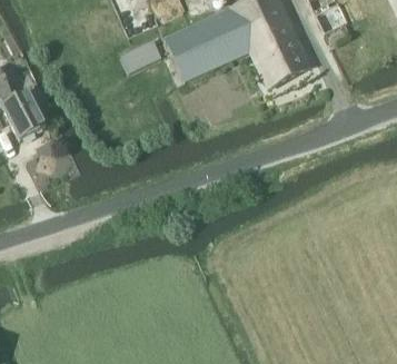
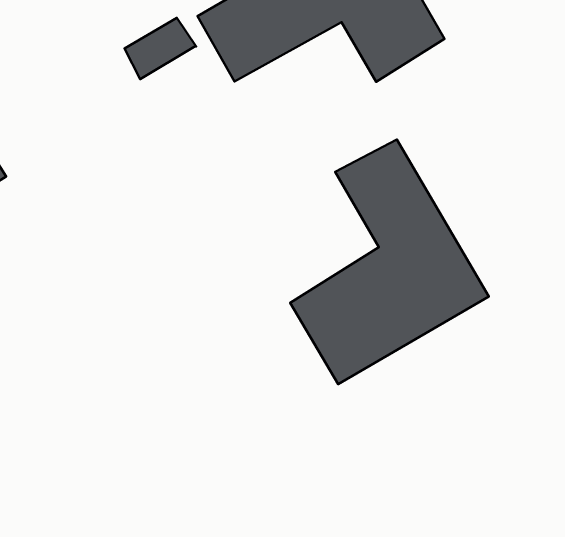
building: none -> [290,140,489,384]

